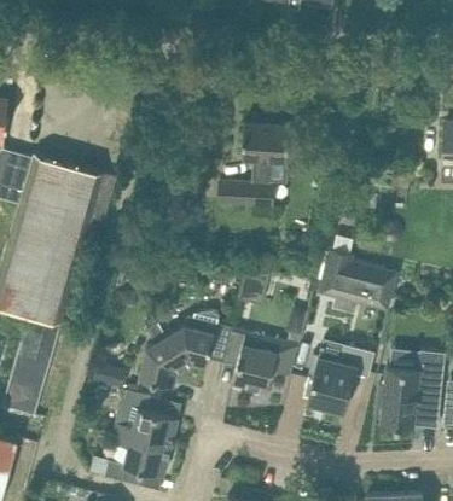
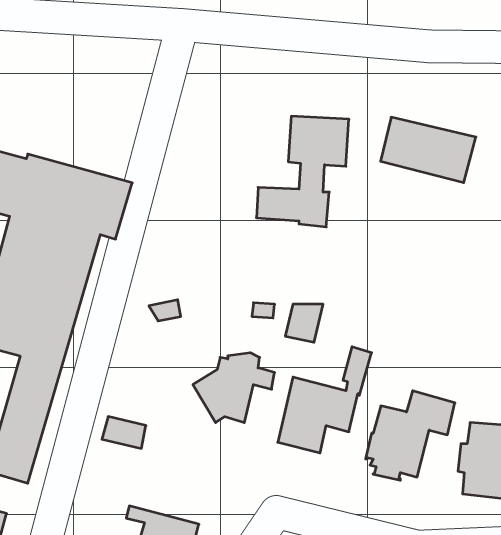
building: [320,256,396,308] -> [381,117,476,183]
building: [139,319,184,385] -> none
building: [112,386,178,447] -> none

